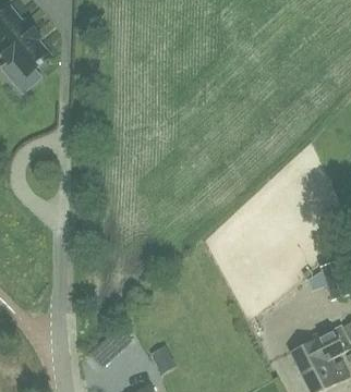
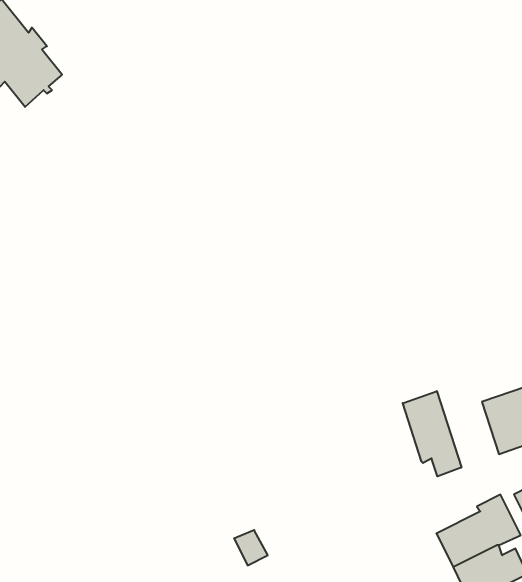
building: none -> [403,391,461,476]

